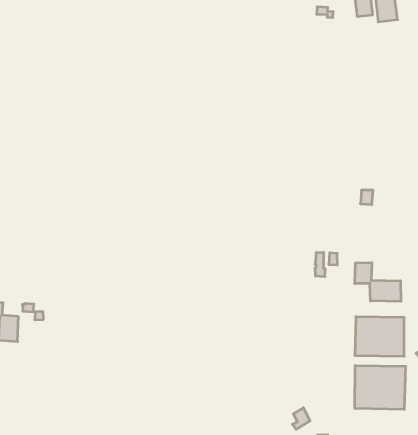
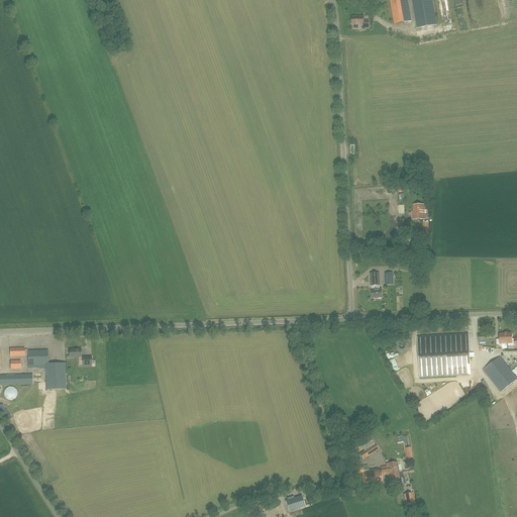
building: [355,263,401,301] -> none
building: [355,365,406,409] -> none

